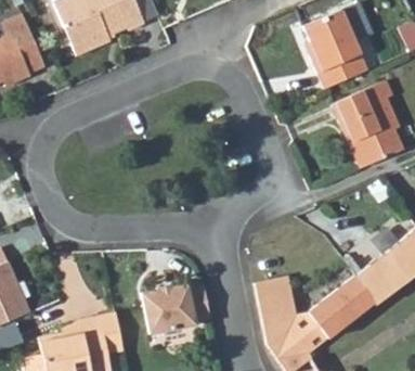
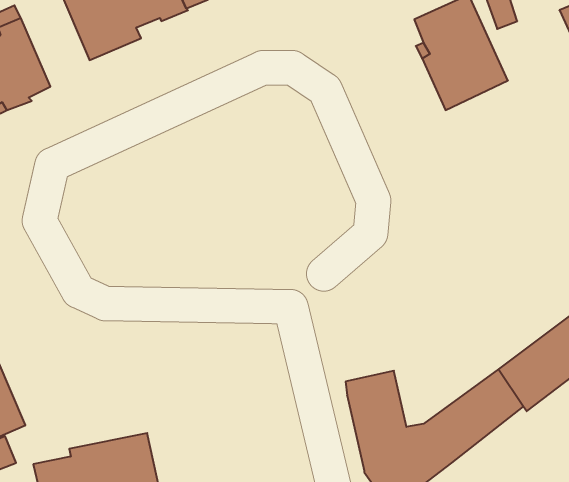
building: [330,84,402,170] -> none
building: [141,284,211,337] -> none

